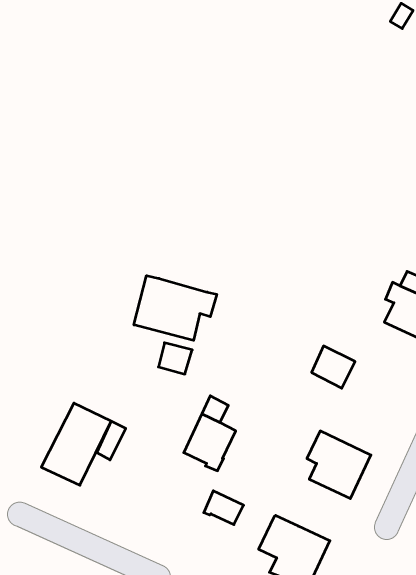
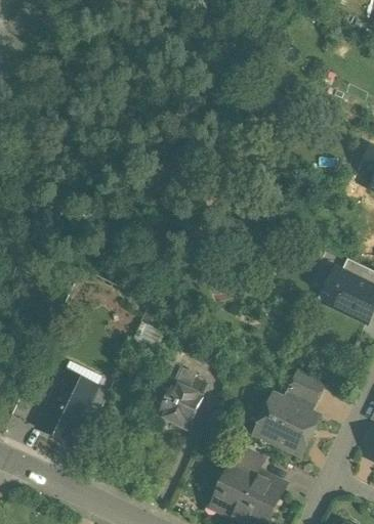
building: [134,276,217,340] -> none
building: [312,346,355,388] -> [287,369,324,405]
building: [204,491,244,525] -> [230,447,263,476]

